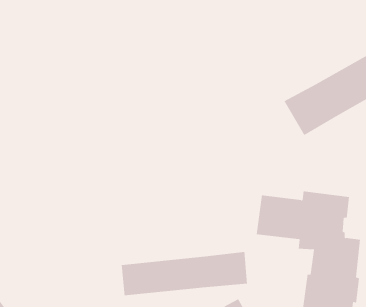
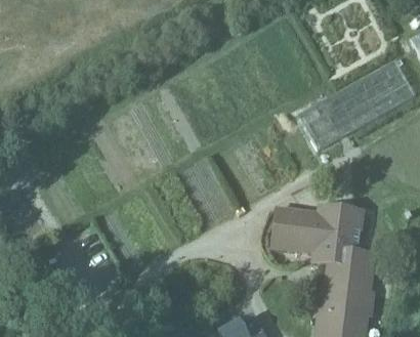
building: [121,251,248,296] -> none

